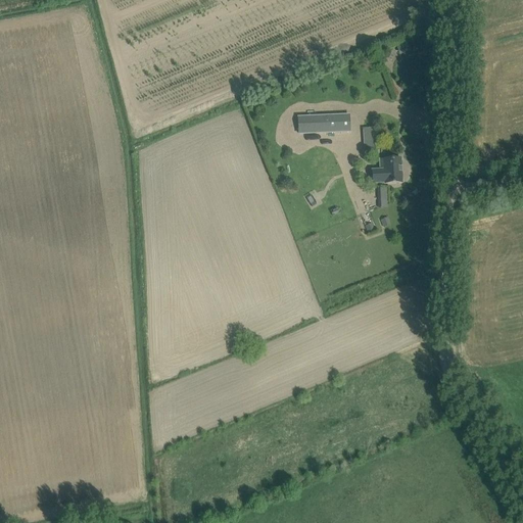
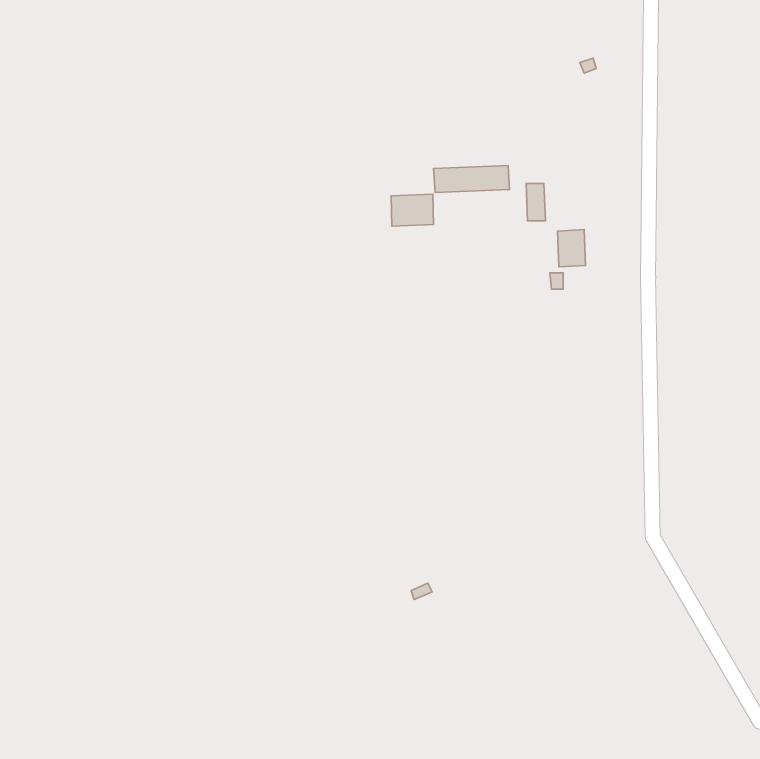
building: none -> [391,194,433,226]

